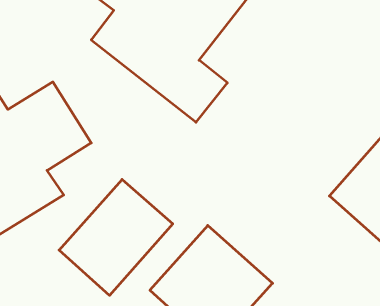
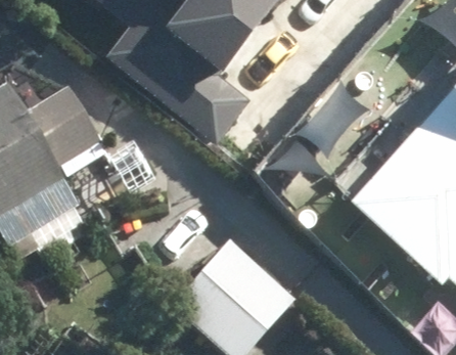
building: [59,179,173,295] -> none

